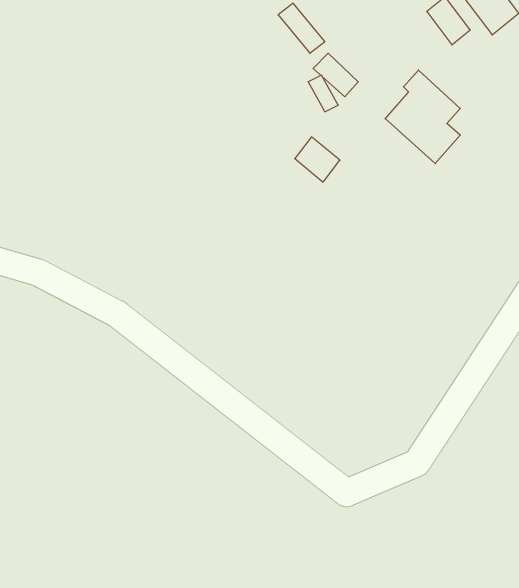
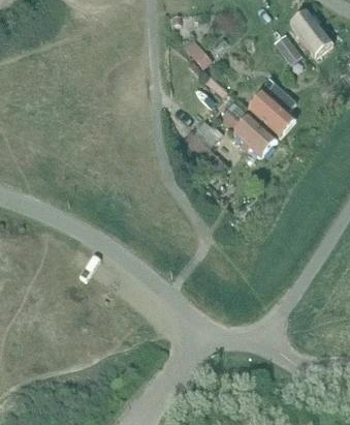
building: none -> [217,108,277,156]

